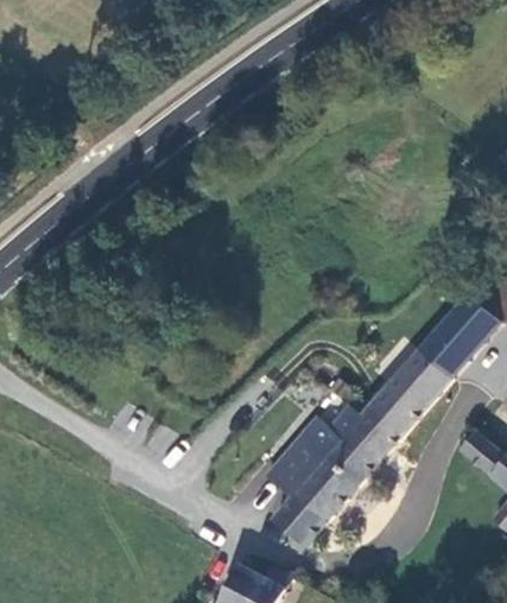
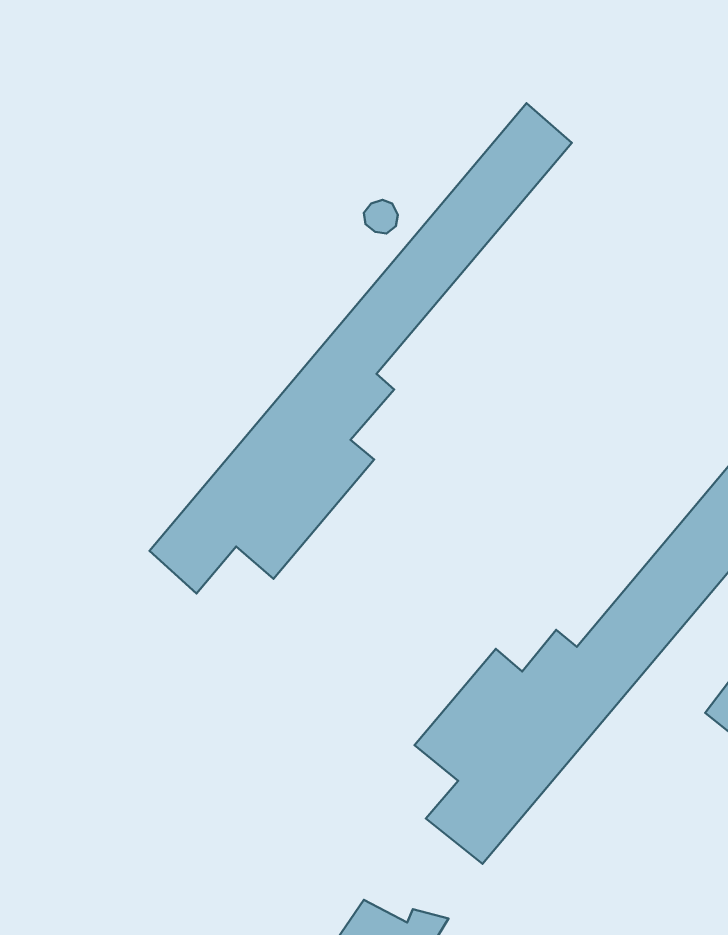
building: none -> [149,103,572,594]

